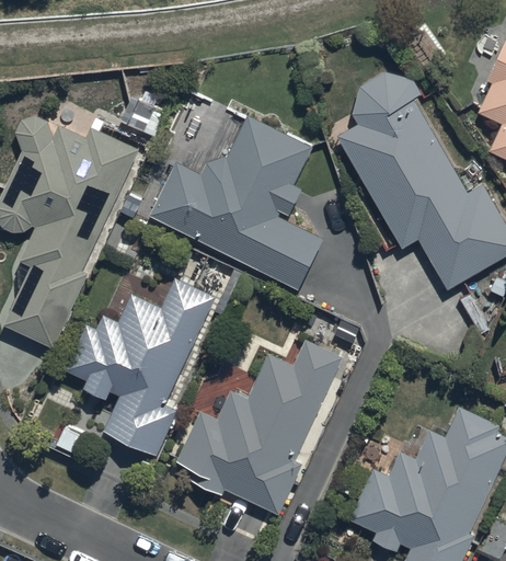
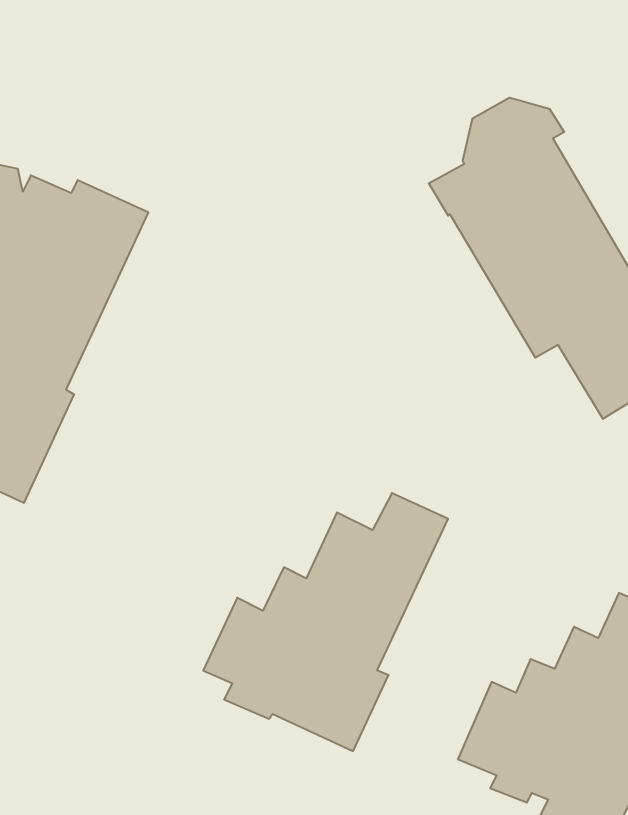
building: [149,115,323,290] -> none
building: [66,279,214,455] -> none

